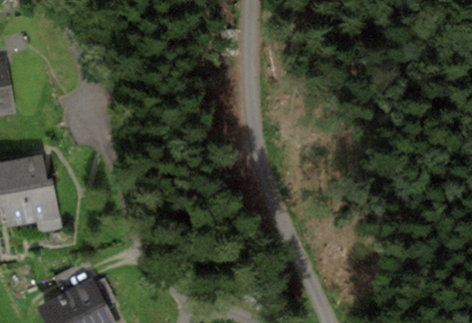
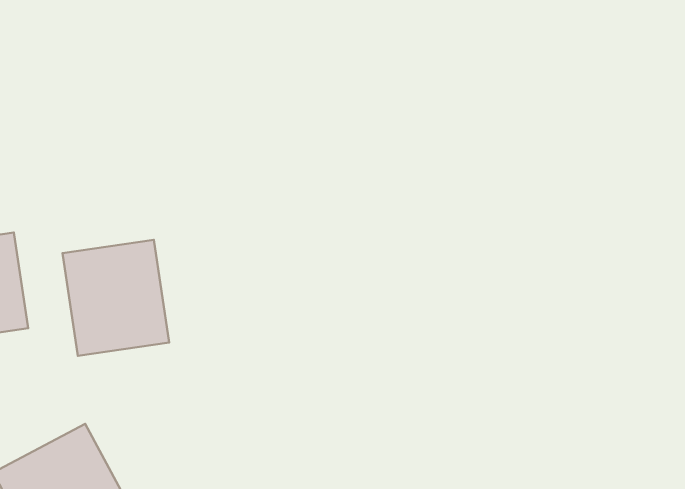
building: none -> [62,240,169,356]

